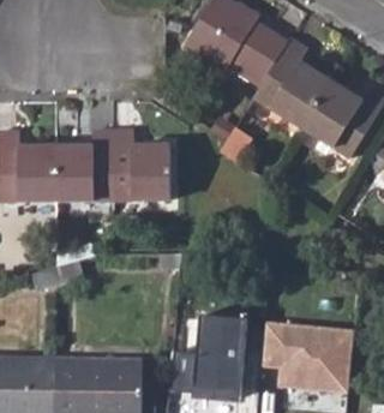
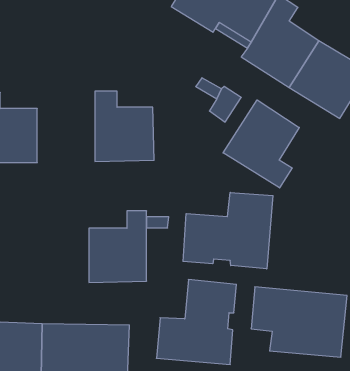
building: [53,131,109,200] -> [89,211,147,282]
building: none -> [223,100,299,188]
building: none -> [183,192,273,269]

